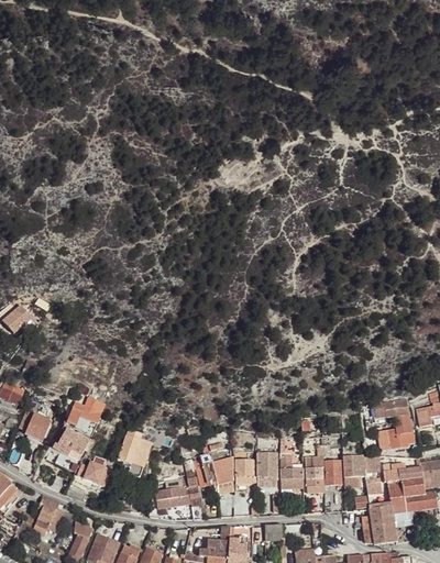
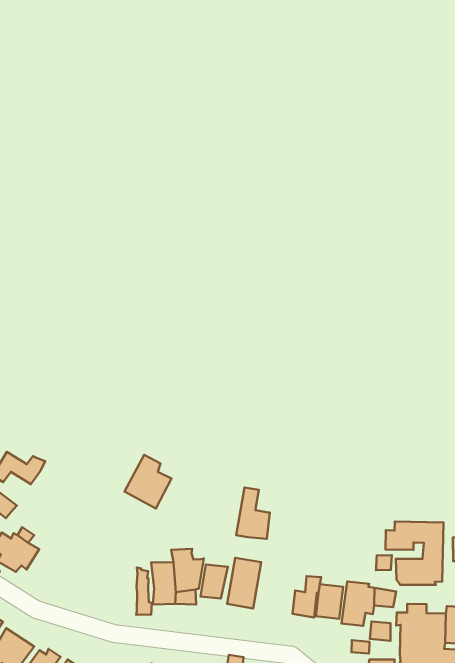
building: [118,429,151,467] -> [125,455,171,509]
building: [279,453,302,489] -> [236,488,270,539]
building: [155,476,190,508] -> none

